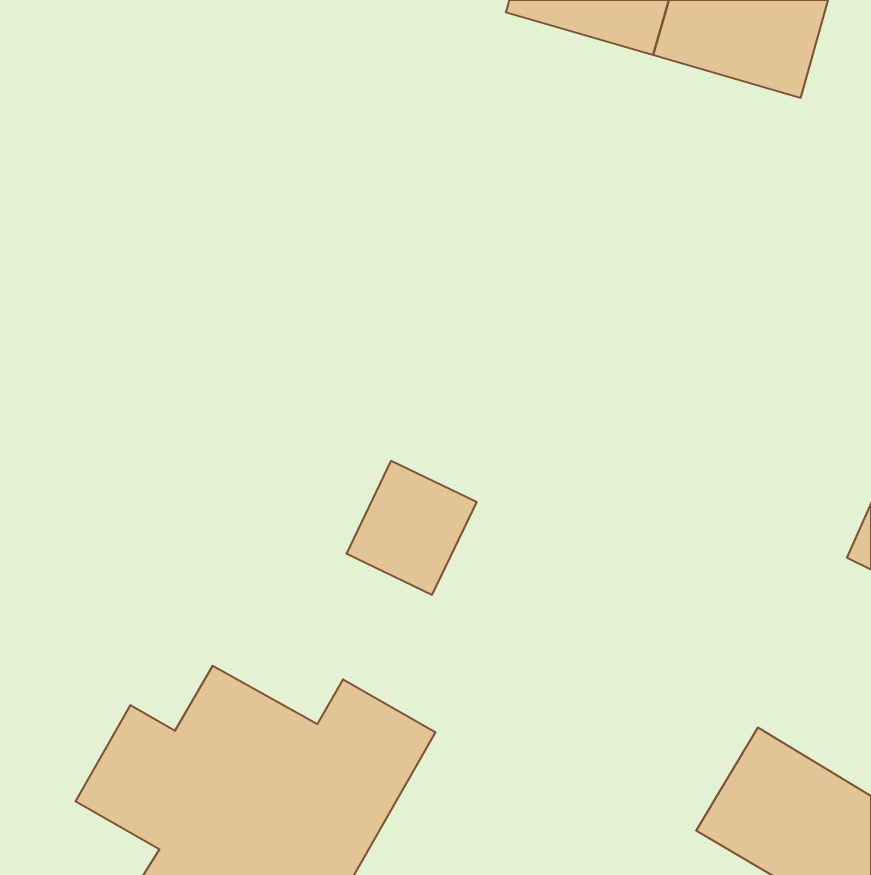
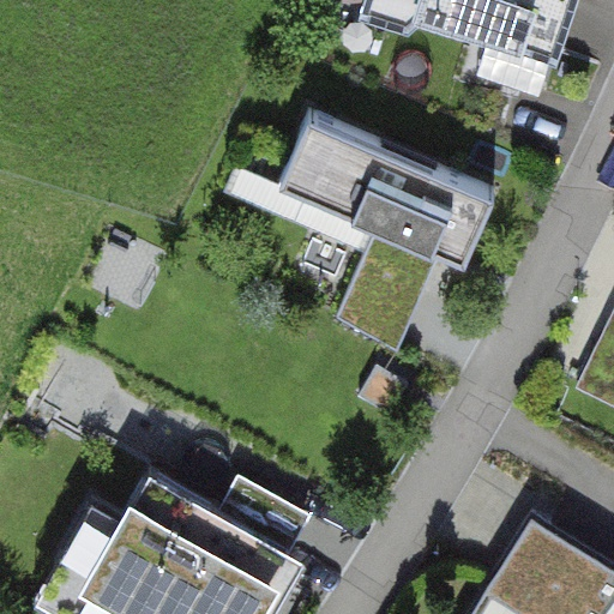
building: none -> [269,124,495,283]
building: [346,461,477,595] -> [337,254,428,348]

